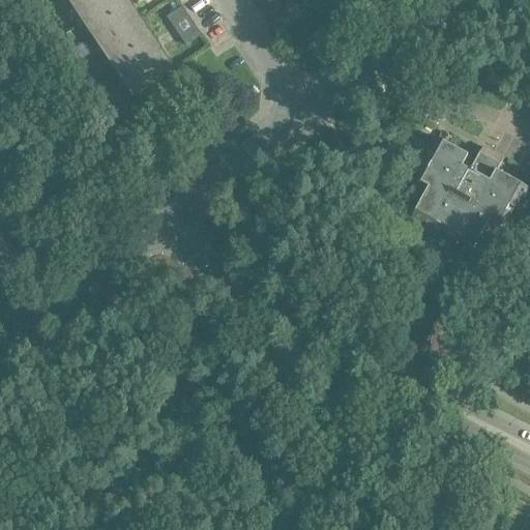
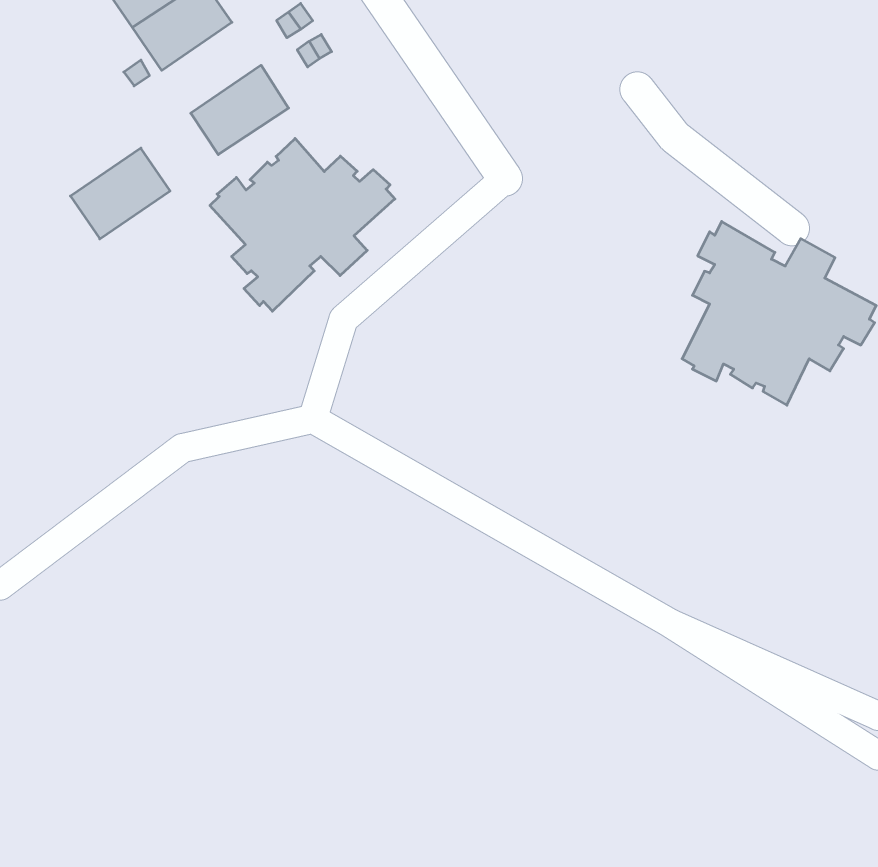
building: [97,13,157,68] -> [70,148,170,239]
building: none -> [210,138,395,311]

